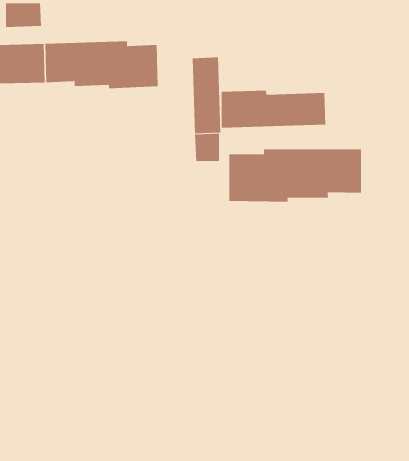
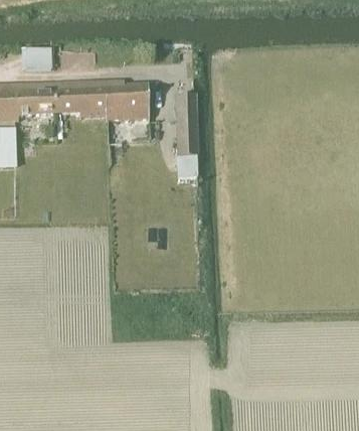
building: [221,90,326,129] -> none
building: [229,148,362,203] -> none

